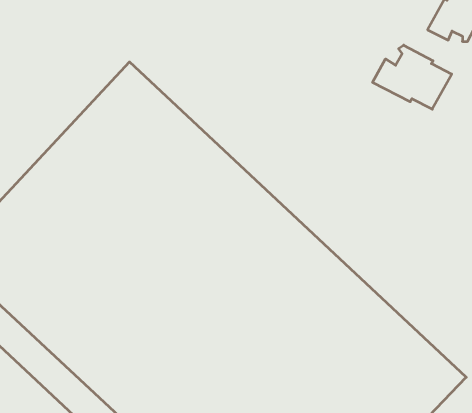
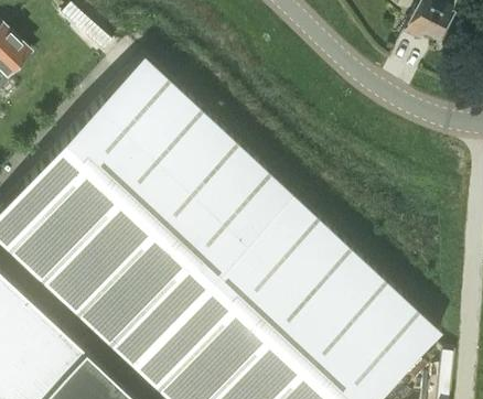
building: [373,45,452,109] -> none

